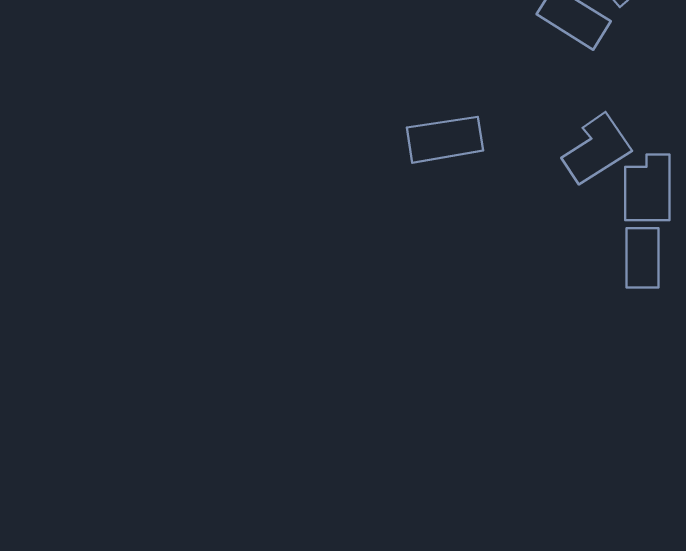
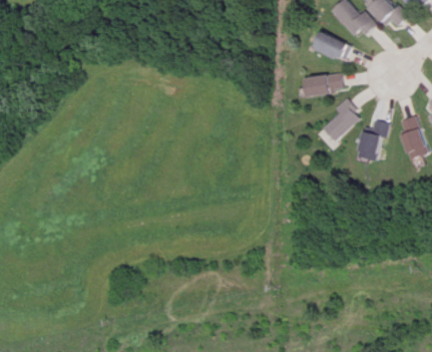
building: [407,117,483,163] -> [303,72,346,98]
building: [626,228,659,287] -> none

